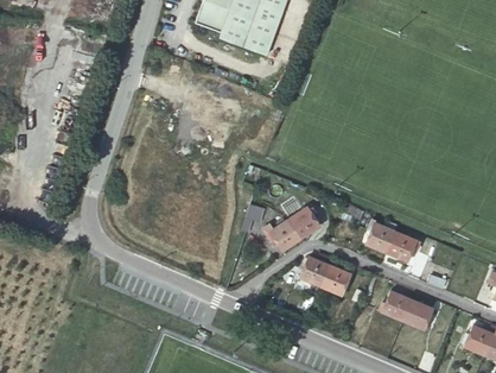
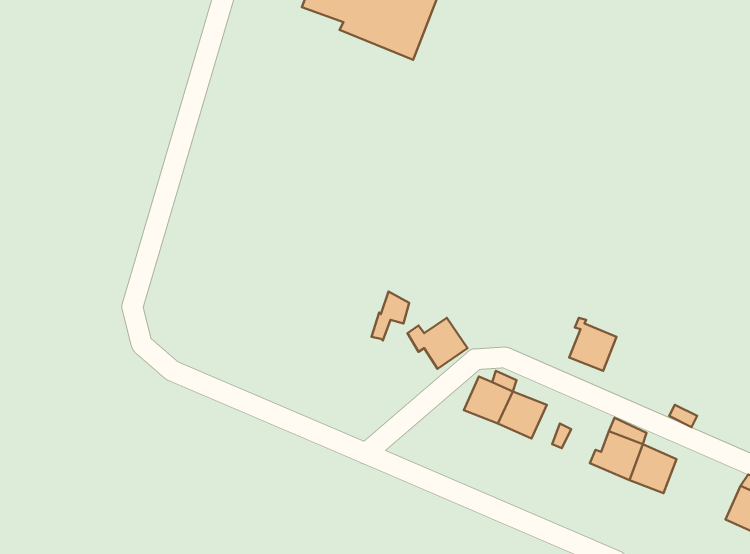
building: [288,207,320,239] -> none
building: [387,232,420,263] -> none

